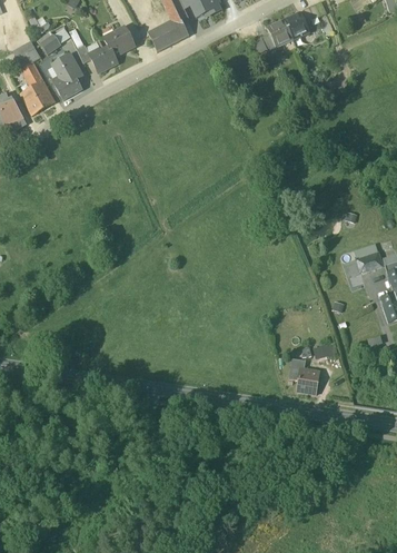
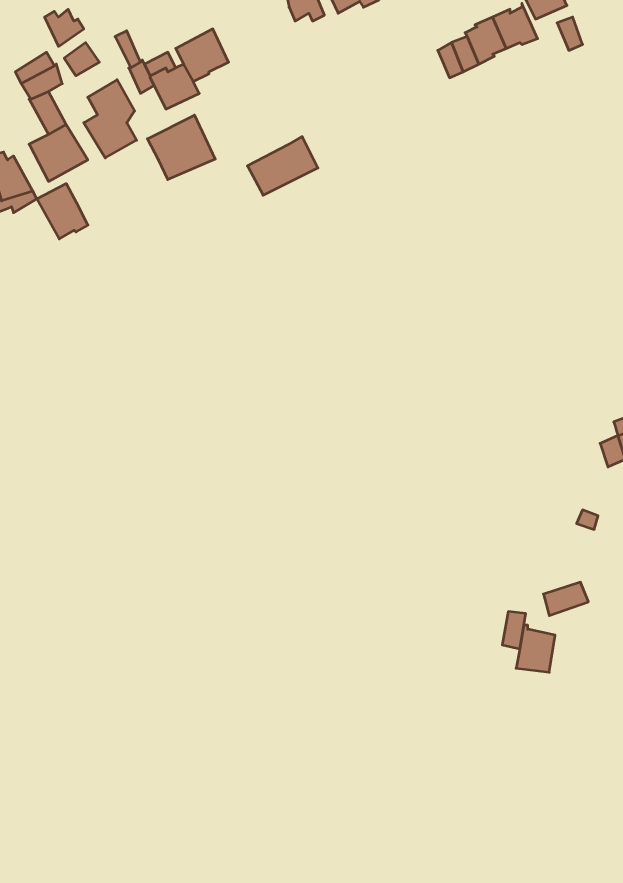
building: [148,18,188,51] -> [247,137,318,195]
building: none -> [147,115,215,180]
building: none -> [37,184,88,239]

